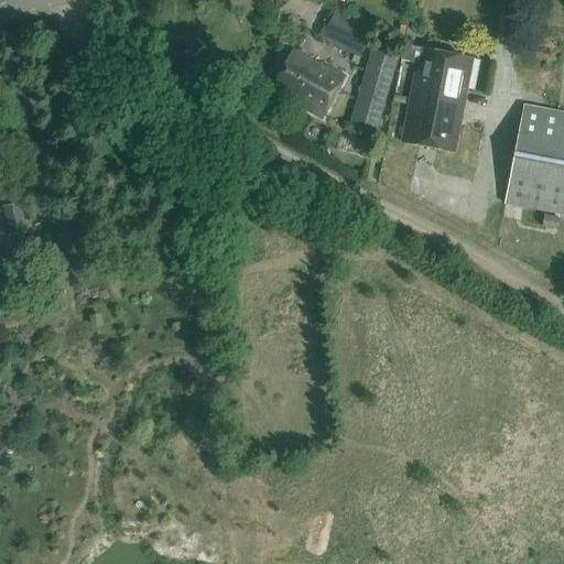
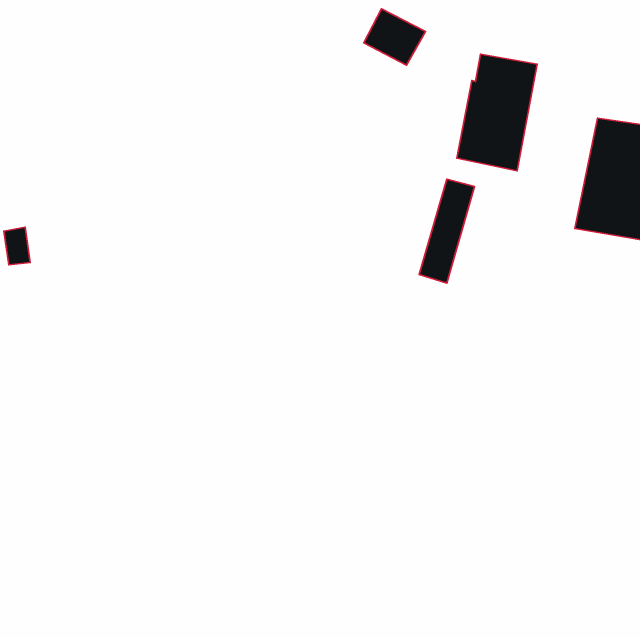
building: [348,47,397,139] -> [419,179,474,283]
building: [275,50,345,116] -> none

